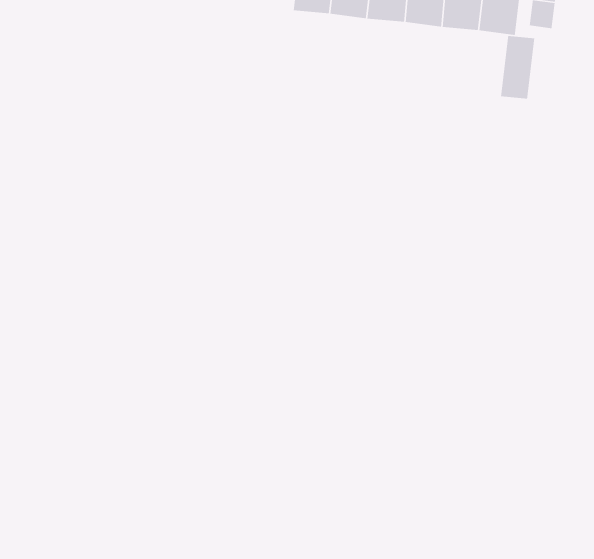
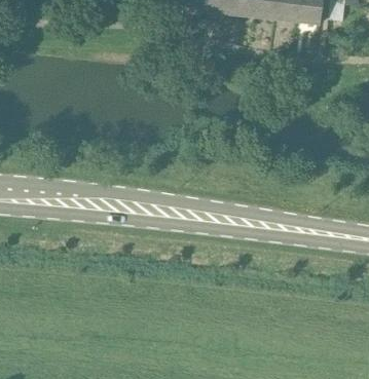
building: [500,35,535,99] -> none

